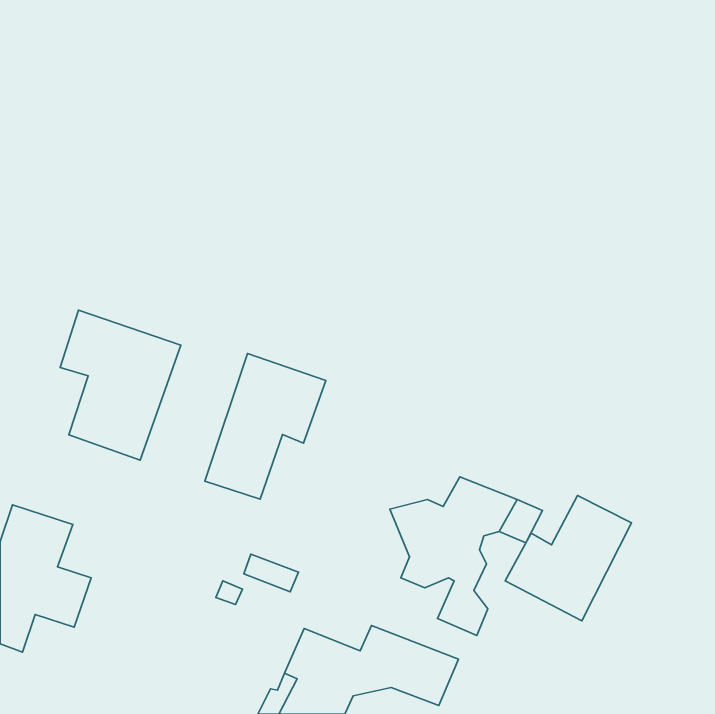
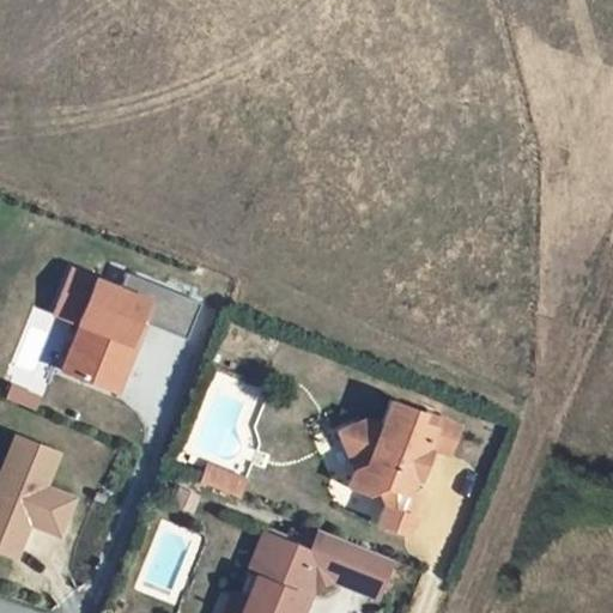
building: [205,354,326,499] -> none
building: [505,495,632,621] -> none

